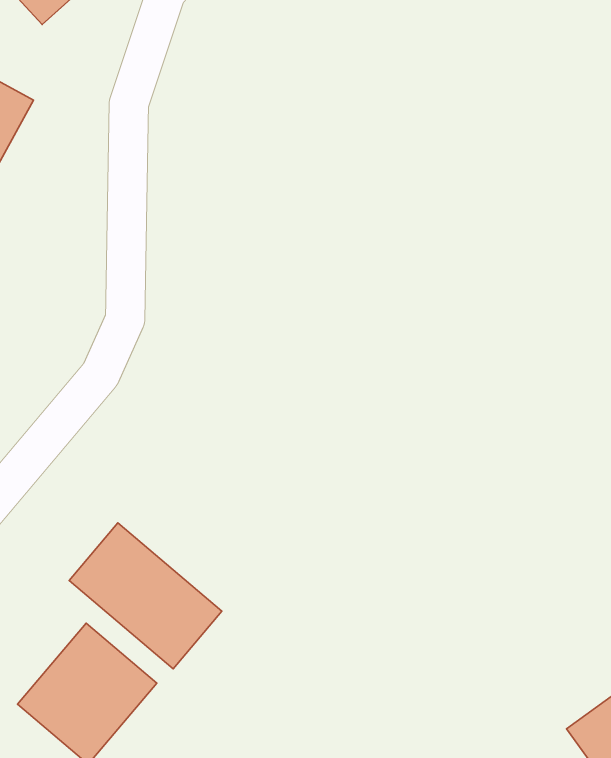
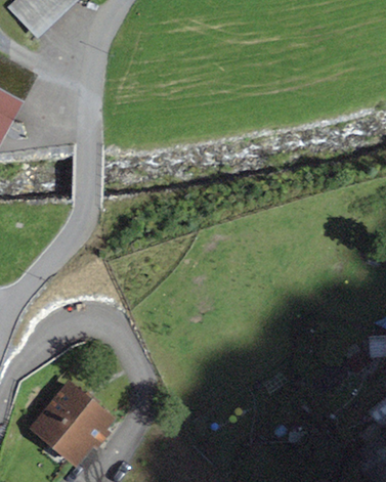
building: [69,523,222,669] -> none

